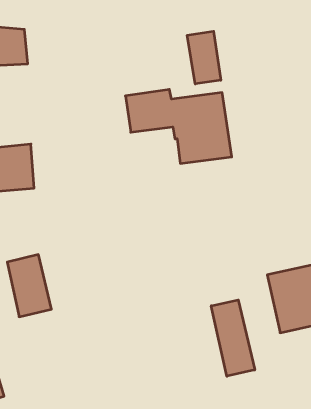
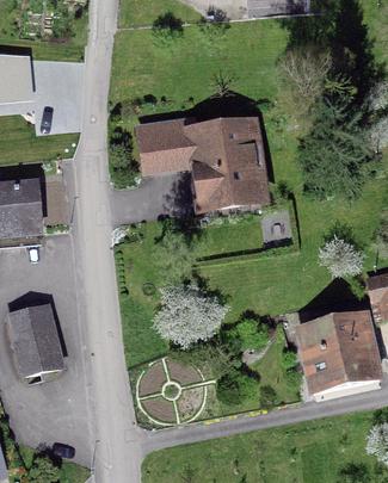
building: [187,31,221,84] -> none
building: [211,300,255,376] -> none

